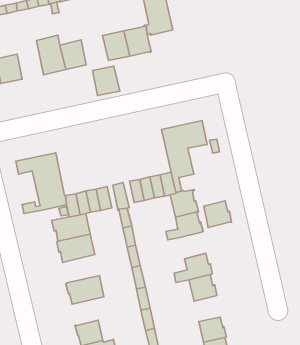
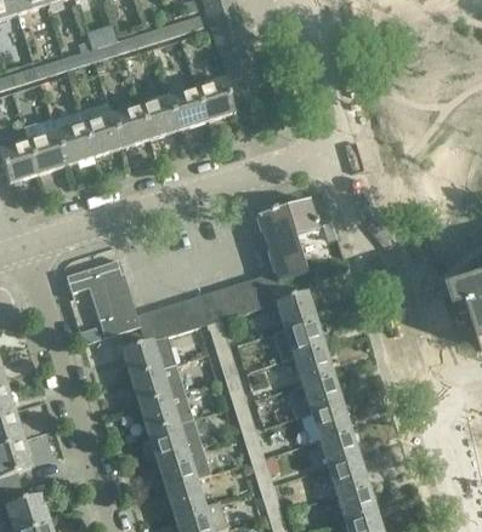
building: none -> [51,111,92,165]
building: [92,66,120,96] -> [138,97,177,138]
building: [204,201,231,227] -> [294,348,333,385]
building: none -> [138,390,191,431]
building: none -> [321,431,359,468]
building: none -> [155,446,208,487]

